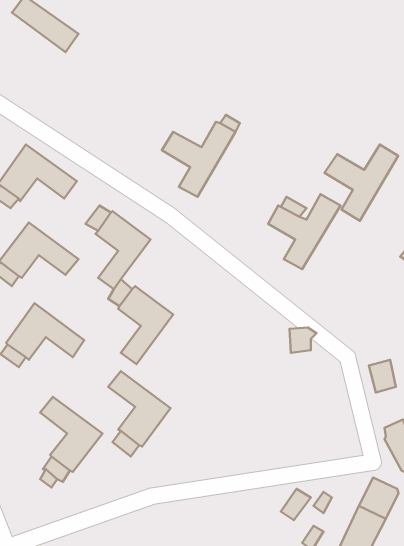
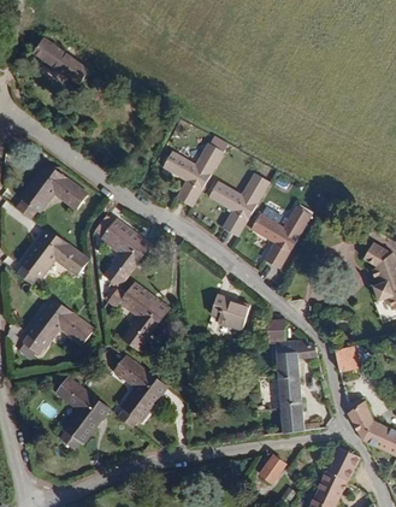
building: [325,144,398,221] -> [205,173,267,238]
building: none -> [211,294,250,329]
building: none -> [276,340,318,434]

